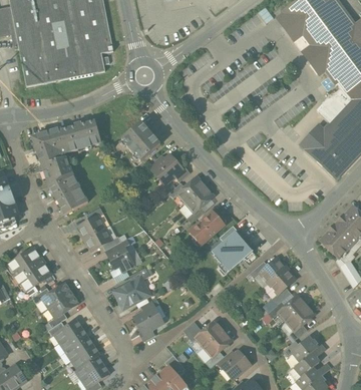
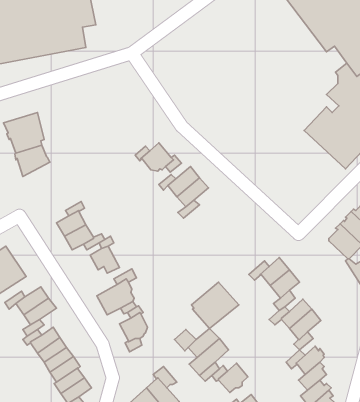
building: [61,119,101,151] -> none
building: [121,121,160,160] -> none
building: [48,171,88,214] -> none
building: [190,211,225,245] -> none
building: [212,231,254,272] -> [191,282,239,328]

